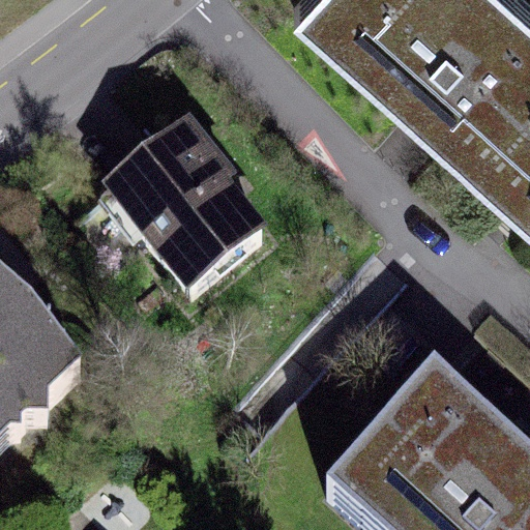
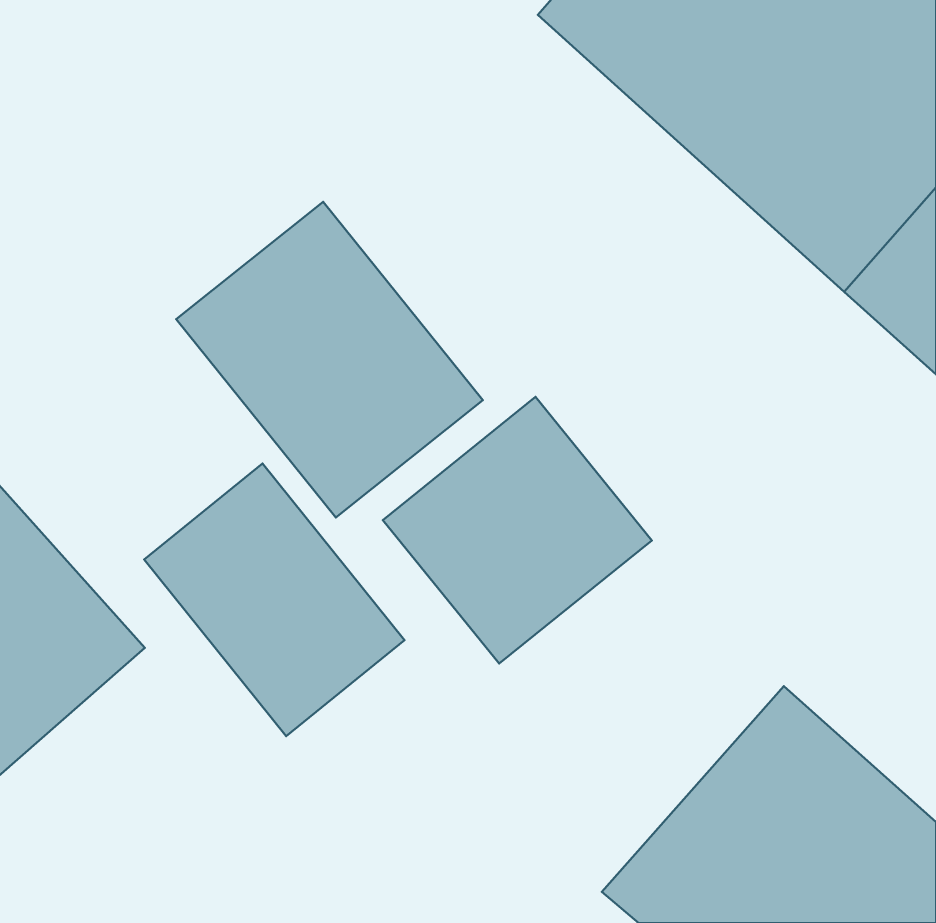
building: none -> [383,397,652,664]
building: none -> [144,464,405,736]

